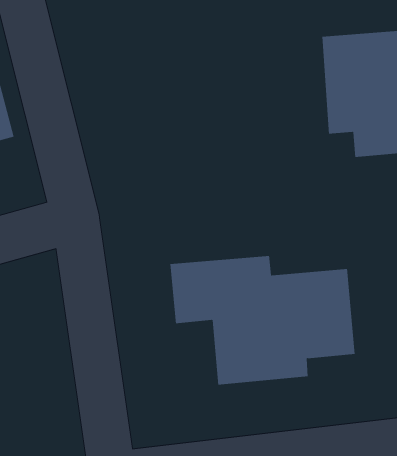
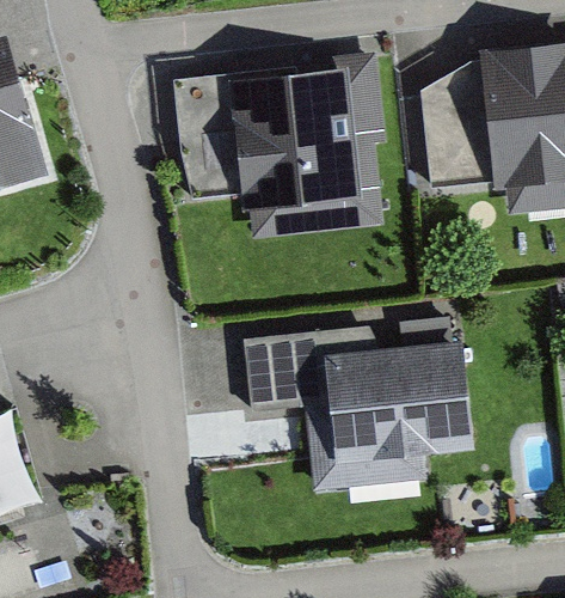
building: none -> [194,67,357,224]

